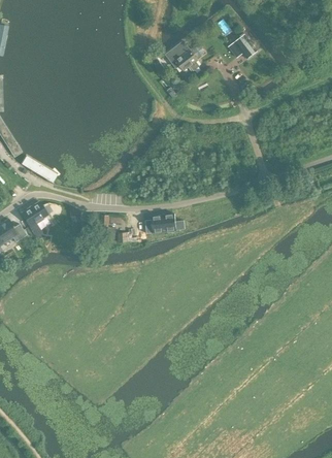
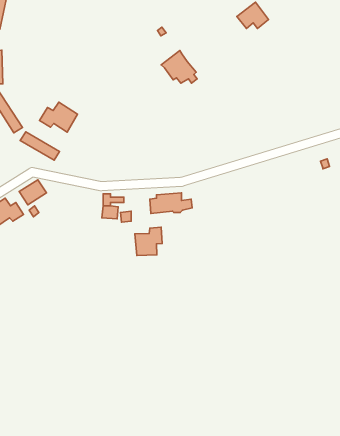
building: [164,40,198,71] -> [161,51,197,83]
building: none -> [39,102,78,132]
building: none -> [135,227,162,256]

